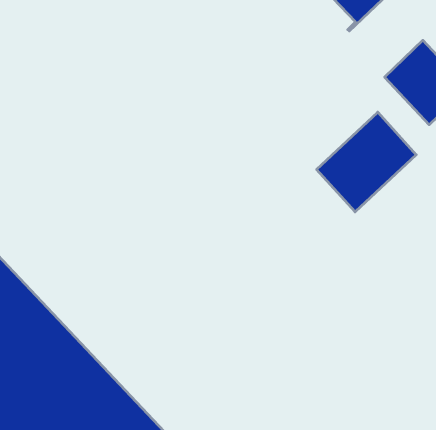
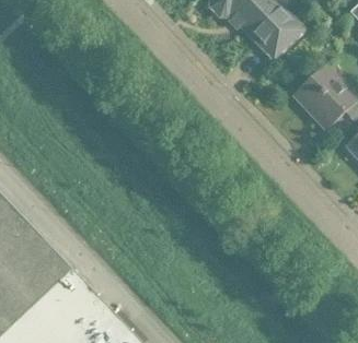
building: [317,112,416,212] -> none

